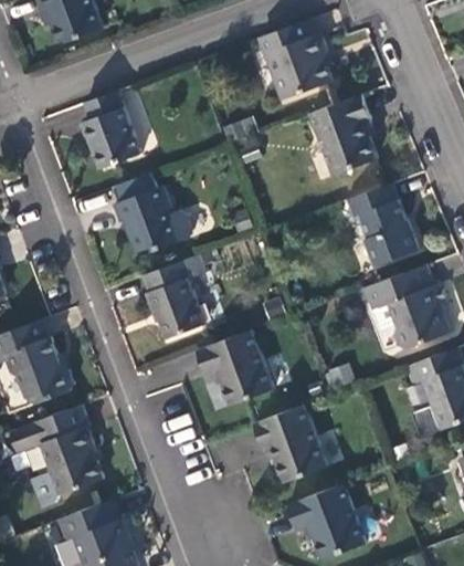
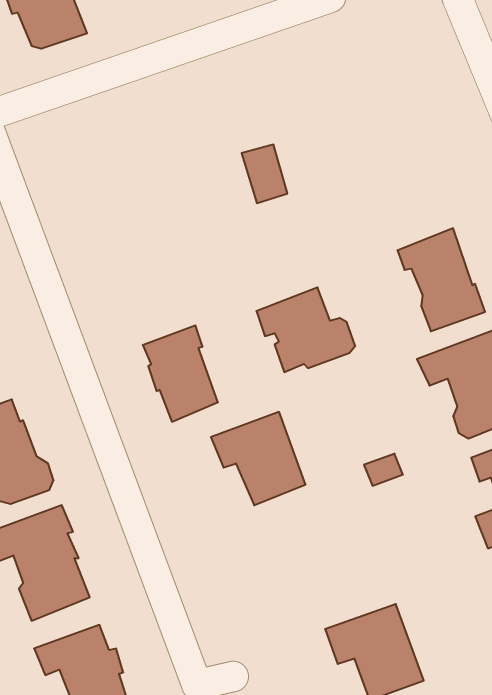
building: [257,22,328,99] -> none
building: [83,91,140,169] -> none
building: [309,94,376,175] -> none
building: [115,185,193,252] -> [256,287,355,372]
building: [254,403,328,480] -> none

